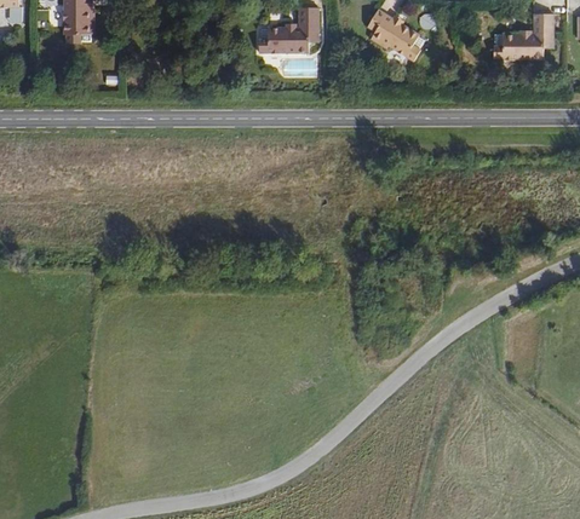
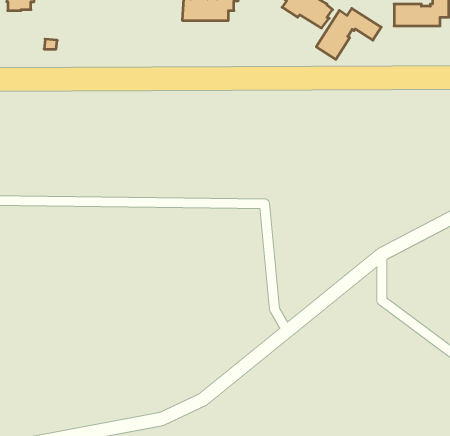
building: none -> [316,8,381,59]

